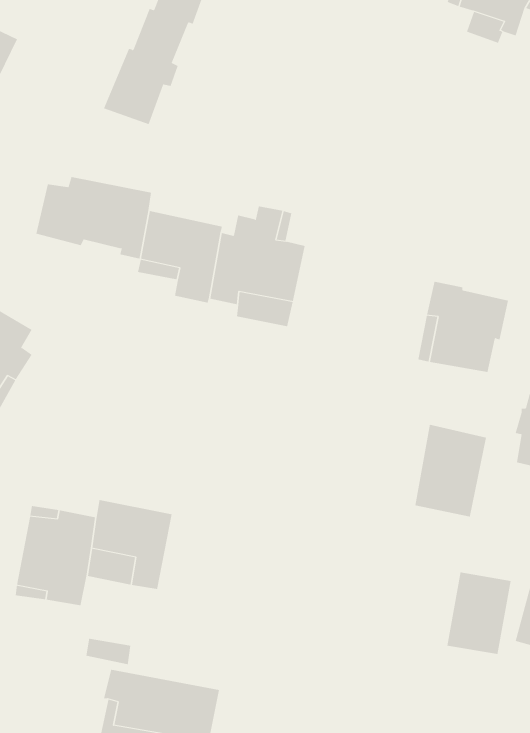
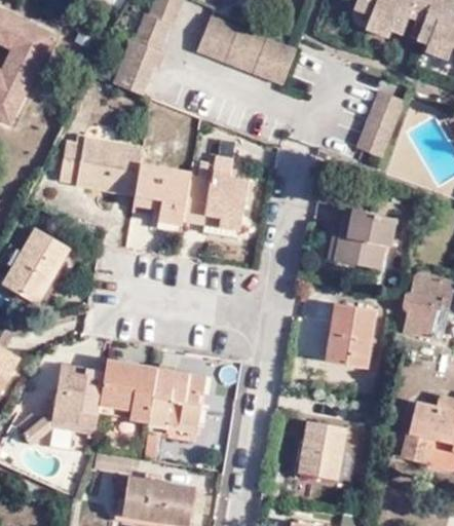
building: none -> [197,17,296,86]
building: none -> [354,91,404,159]
building: none -> [150,368,207,427]
building: [447,572,512,655] -> [301,422,346,480]

